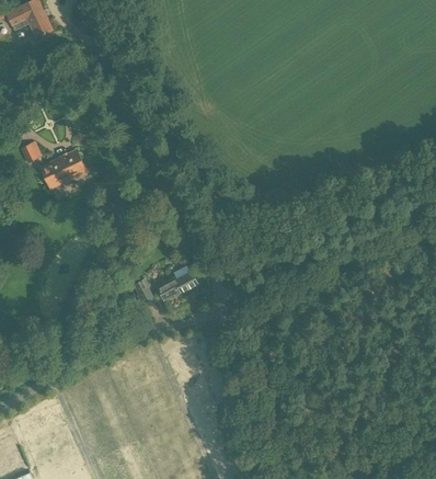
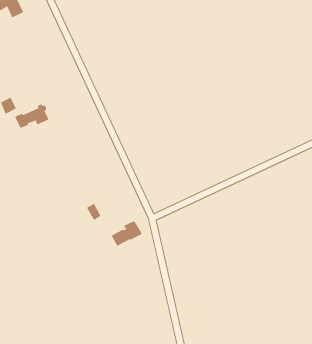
building: [157,265,198,300] -> [111,220,143,247]

